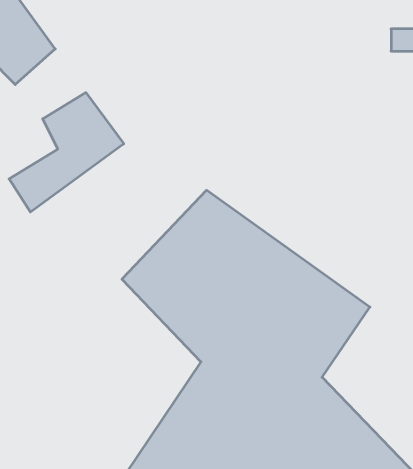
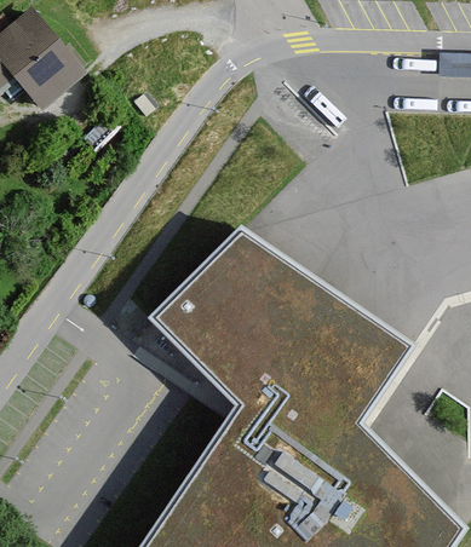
building: [9,93,124,212] -> none

